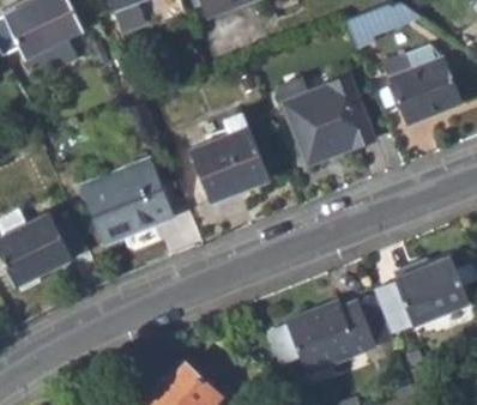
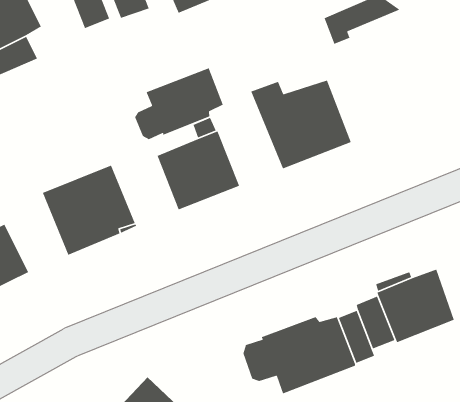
building: [385,47,463,125] -> none
building: none -> [134,67,224,140]

